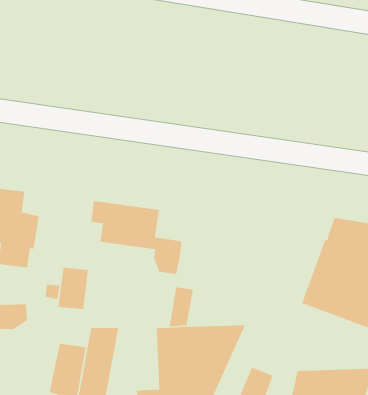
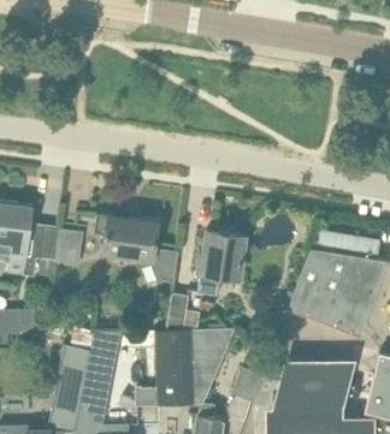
building: none -> [197,230,246,297]
building: [58,267,89,310] -> [55,228,84,268]

